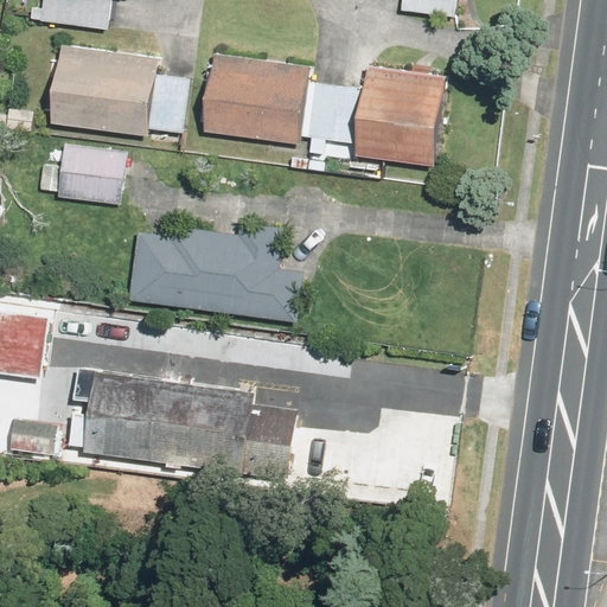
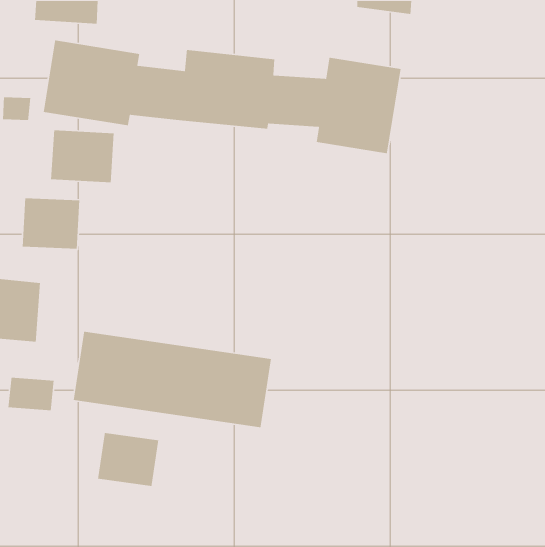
building: none -> [22,197,80,250]
building: [122,223,300,324] -> none
building: none -> [97,432,159,487]

